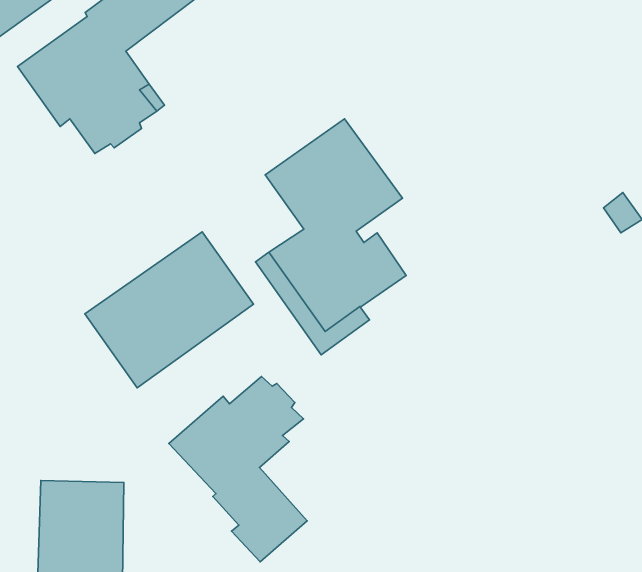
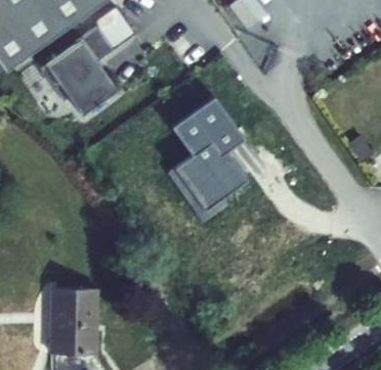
building: [85,232,253,388] -> none
building: [169,377,307,562] -> none

